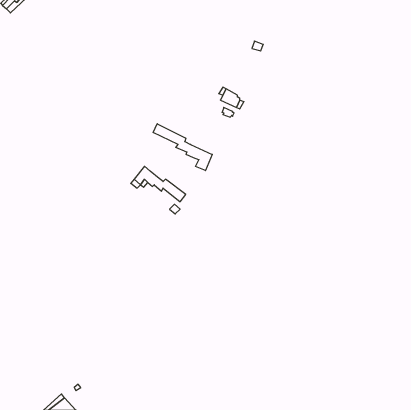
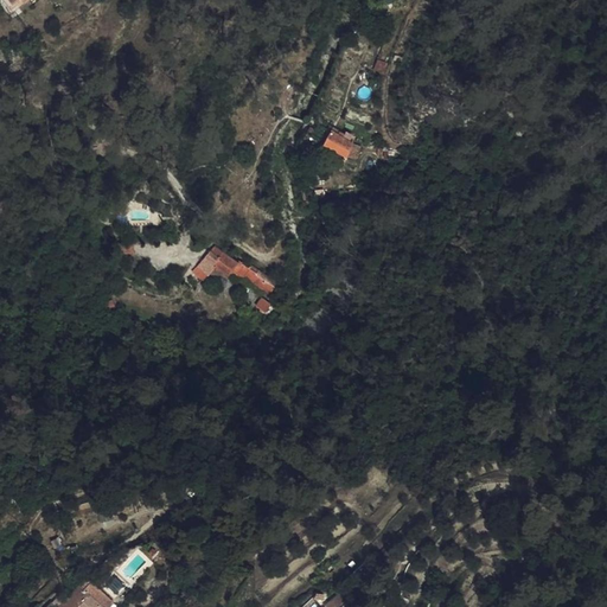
building: [153,124,212,171] -> none

